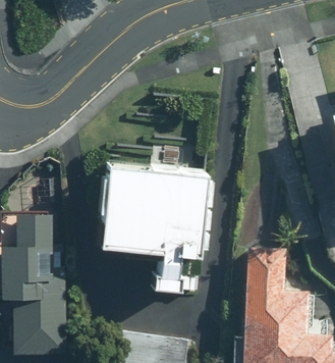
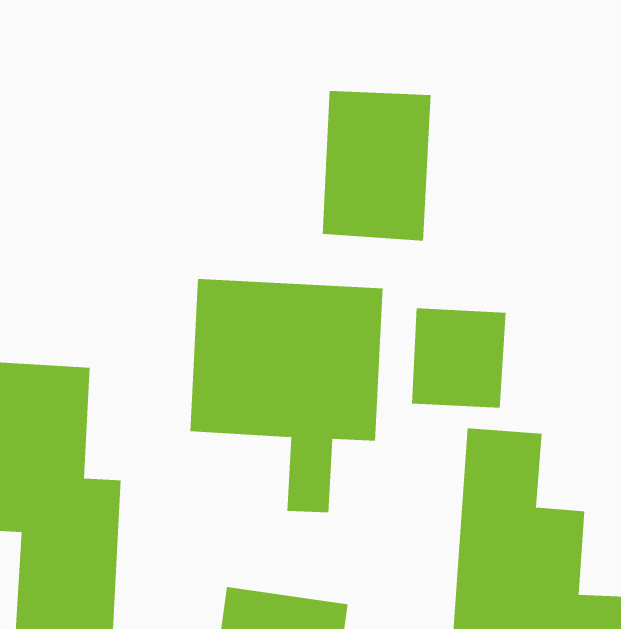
building: none -> [322,90,431,241]
building: none -> [412,308,506,408]

